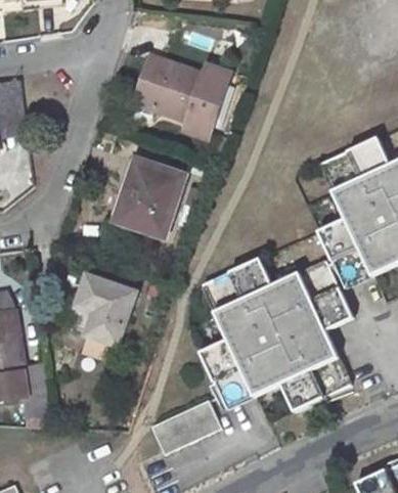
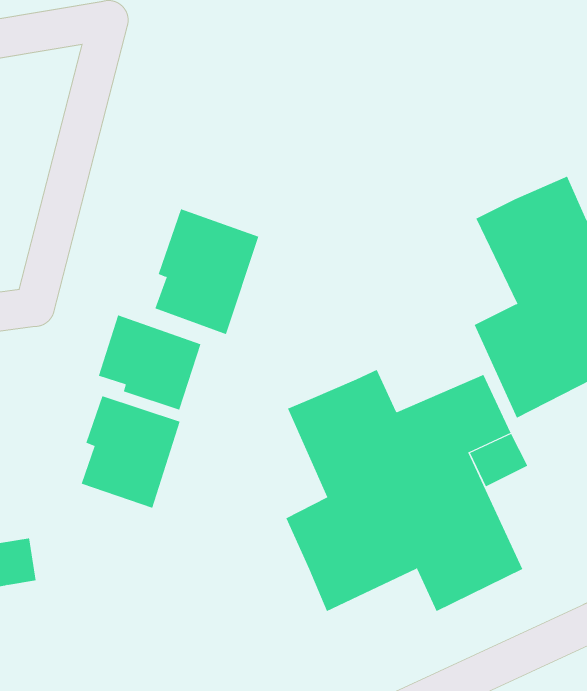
building: [131,55,231,139] -> none
building: none -> [98,315,201,411]
building: [150,401,222,454] -> none

